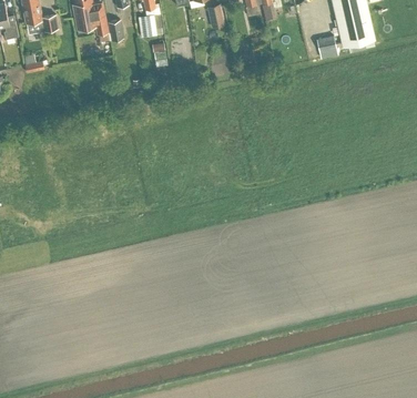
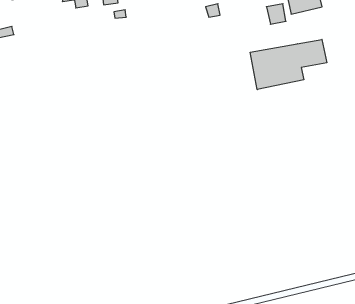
building: none -> [250,39,327,90]

